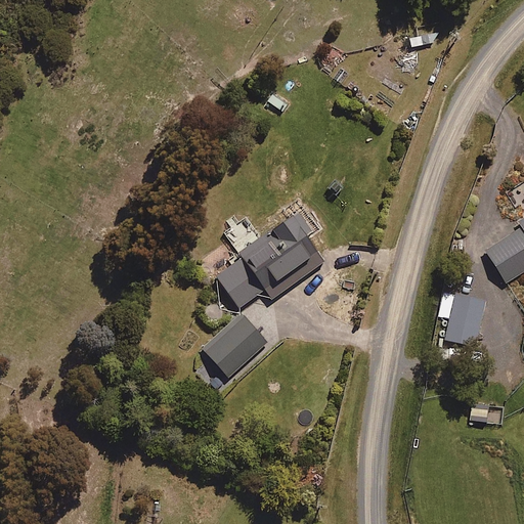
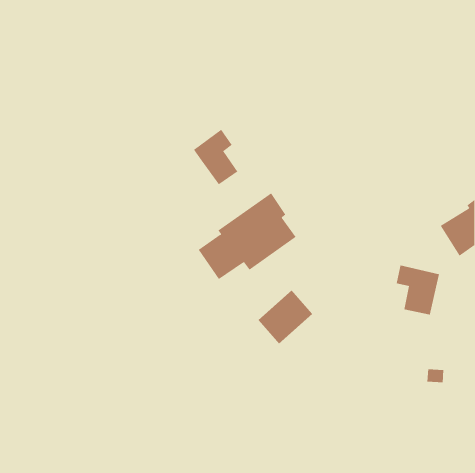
building: none -> [193,129,238,185]
building: [206,315,267,376] -> [257,290,313,344]

